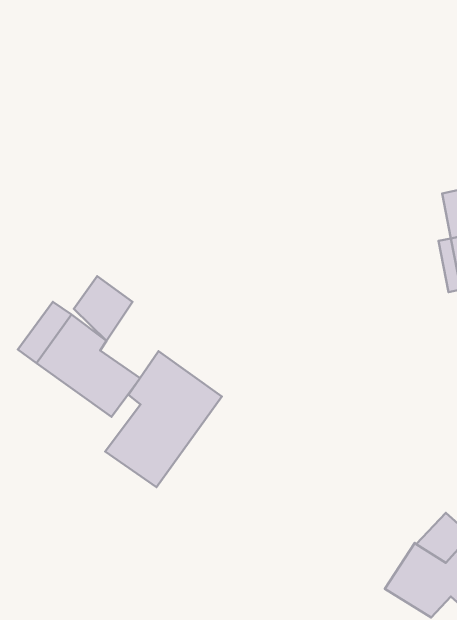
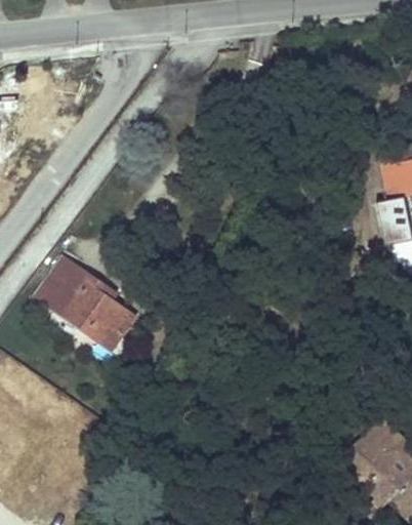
building: [74,276,133,341] -> none
building: [105,351,222,487] -> none

